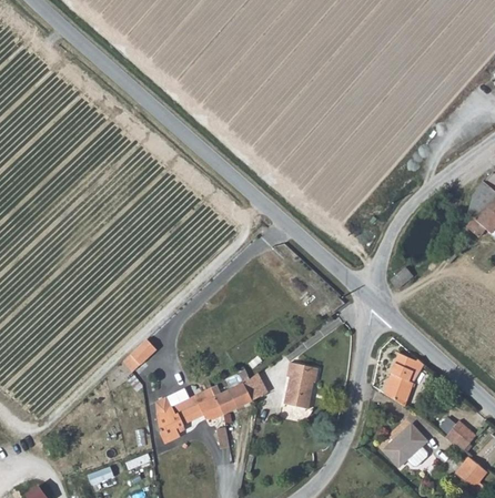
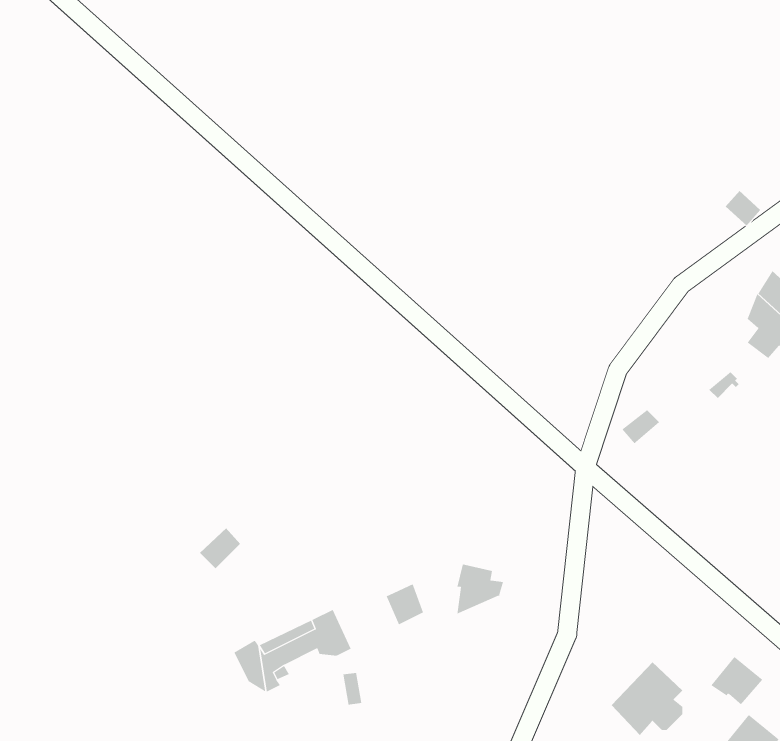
building: [382,353,424,402] -> none
building: [212,376,252,414] -> none
building: [285,382,313,408] -> none

